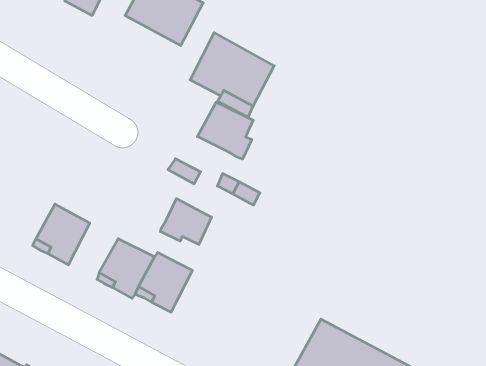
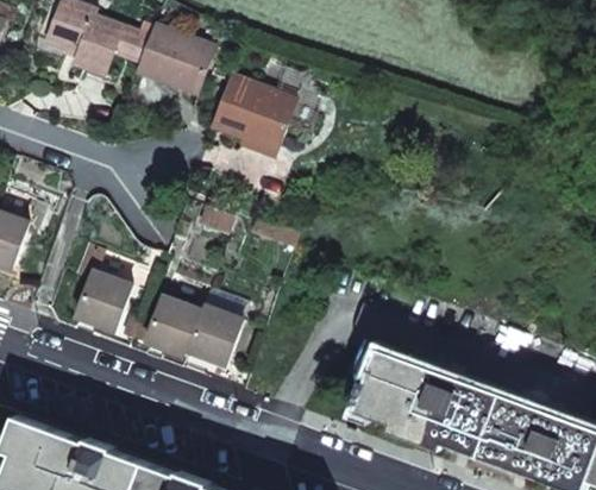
building: [197,102,253,159] -> none
building: [160,199,212,244] -> none

